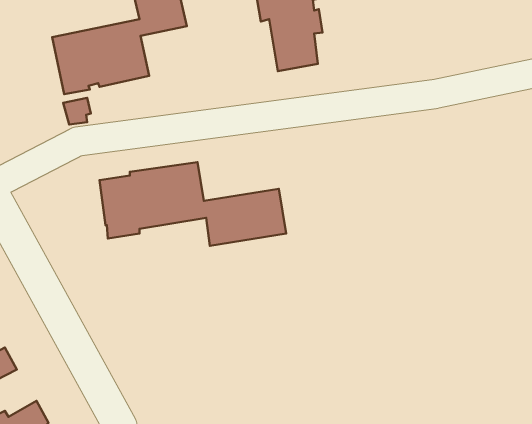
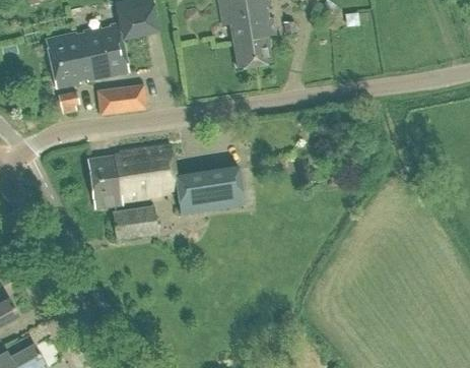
building: none -> [98,83,147,113]
building: none -> [113,203,158,240]

